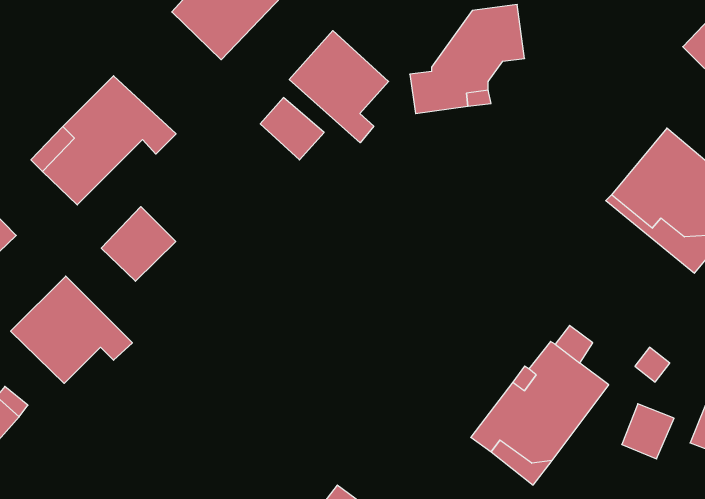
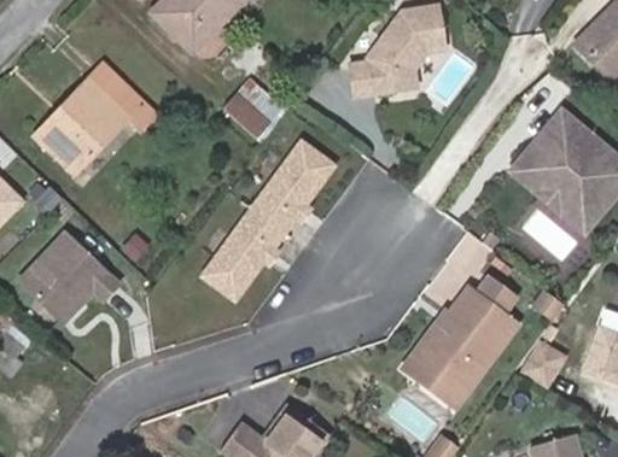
building: [289,31,389,143] -> none
building: none -> [203,139,336,300]
building: [101,207,176,281] -> none

